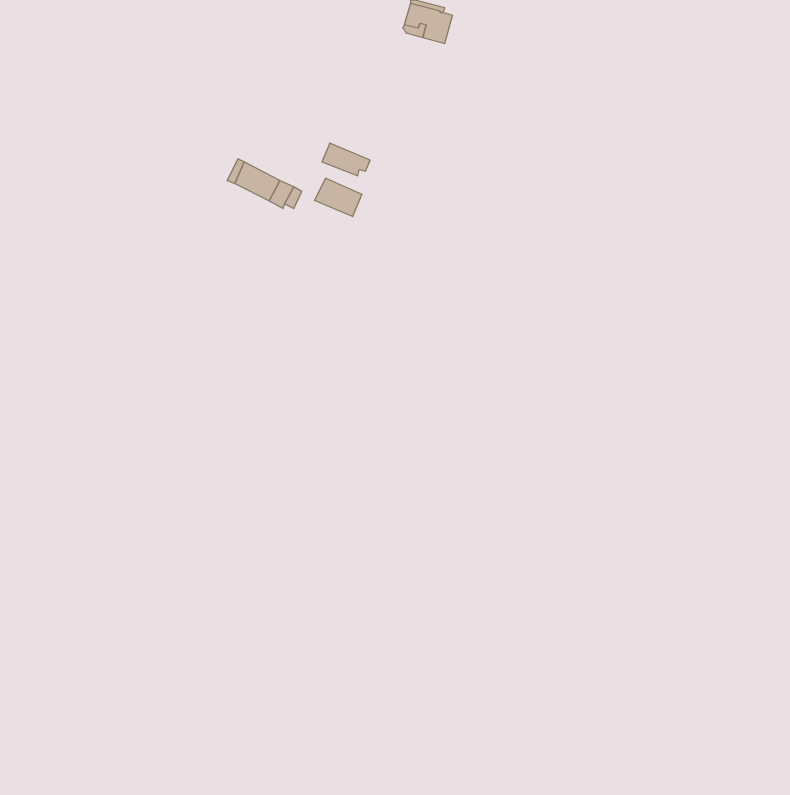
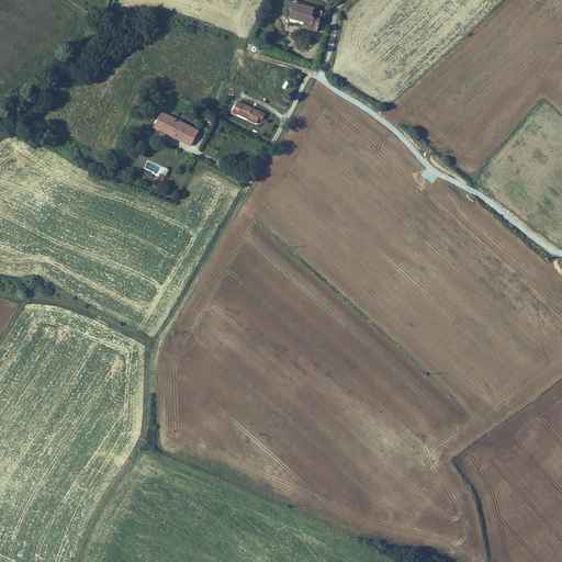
building: [314,178,362,217] -> none

